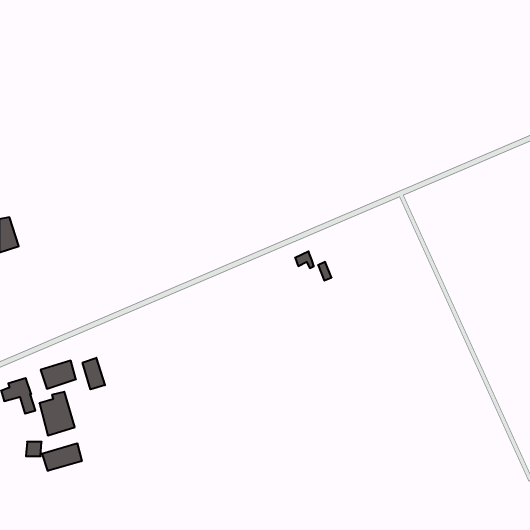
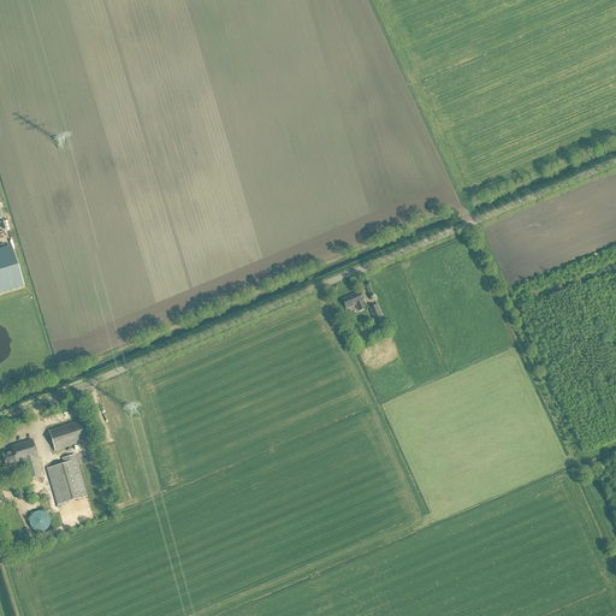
building: [83,358,105,389] -> none
building: [42,443,82,471] -> none

